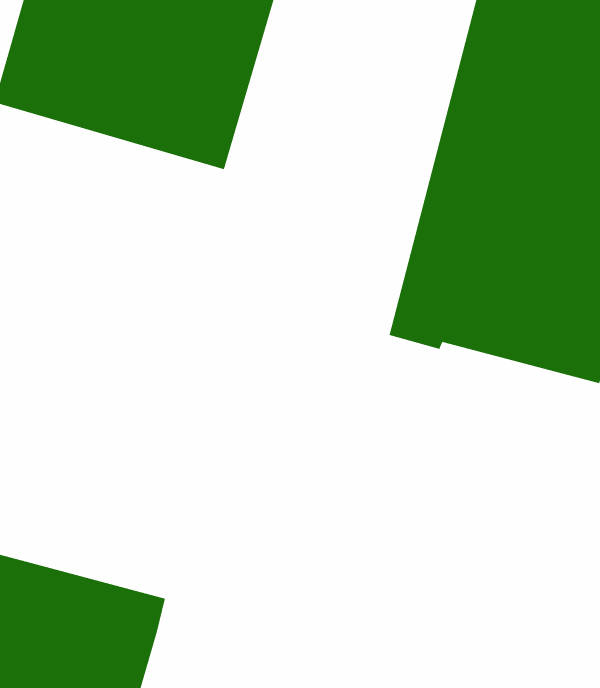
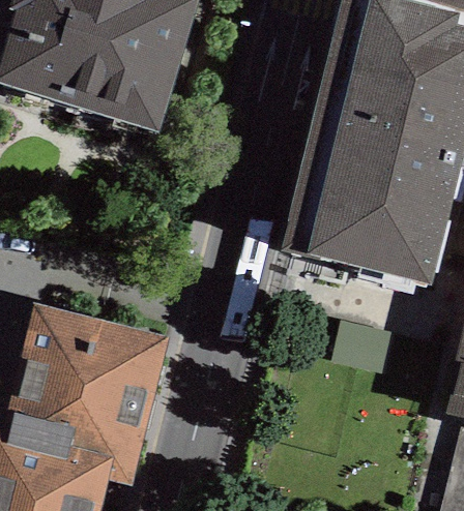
building: none -> [5,295,169,474]

